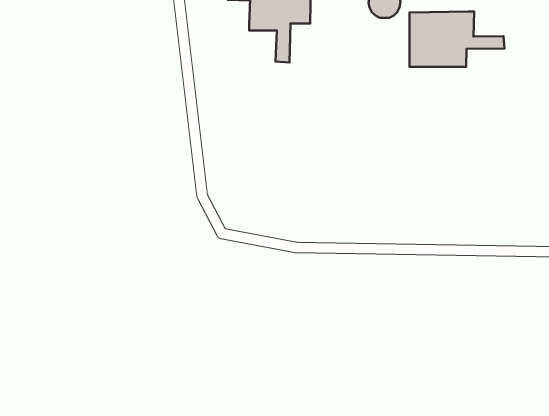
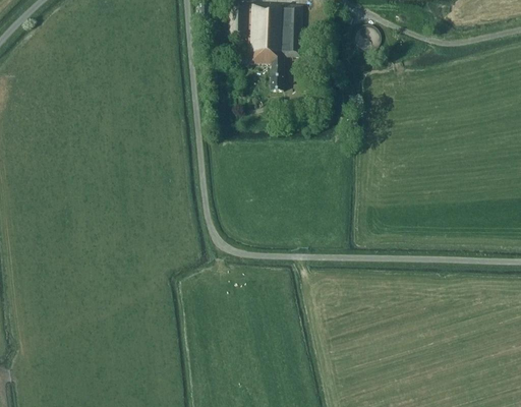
building: [410,11,505,67] -> none

